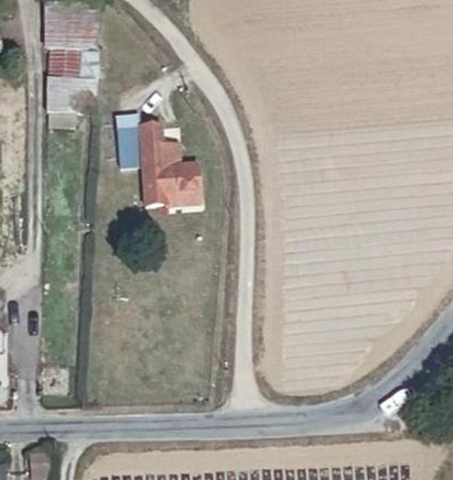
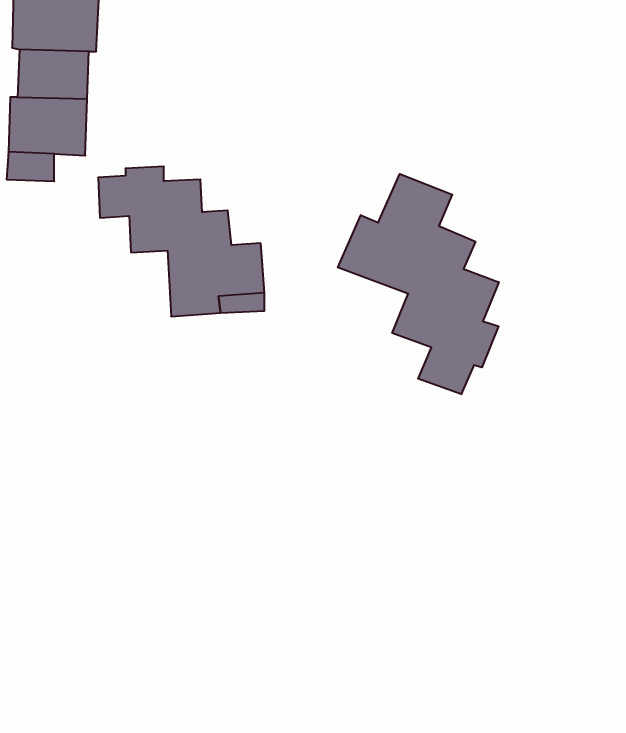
building: none -> [338,174,499,394]

